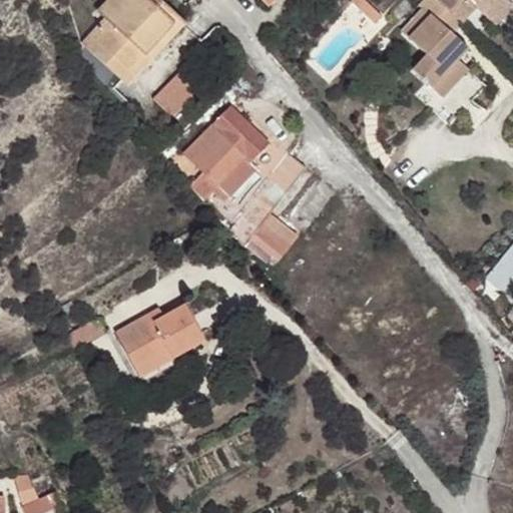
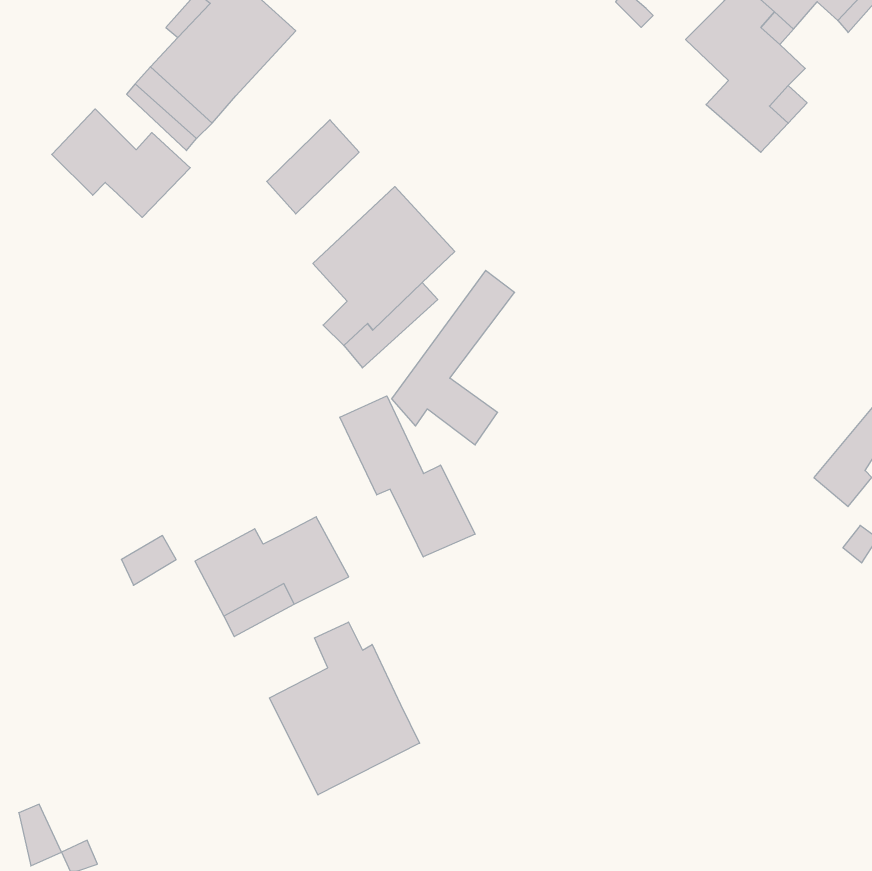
building: none -> [52,109,190,217]
building: none -> [340,396,475,557]
building: none -> [269,622,420,795]

